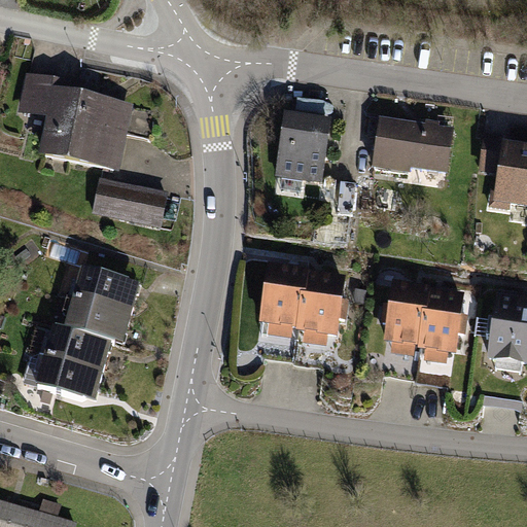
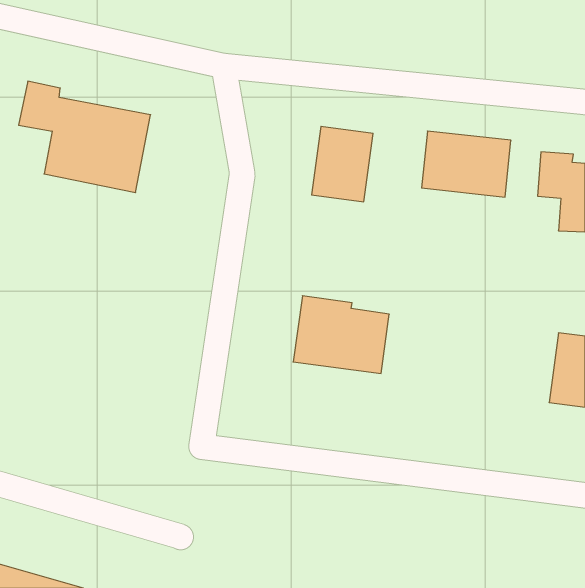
building: [92,179,168,229] -> none
building: [35,267,139,397] -> none
building: [386,282,464,352] -> none

